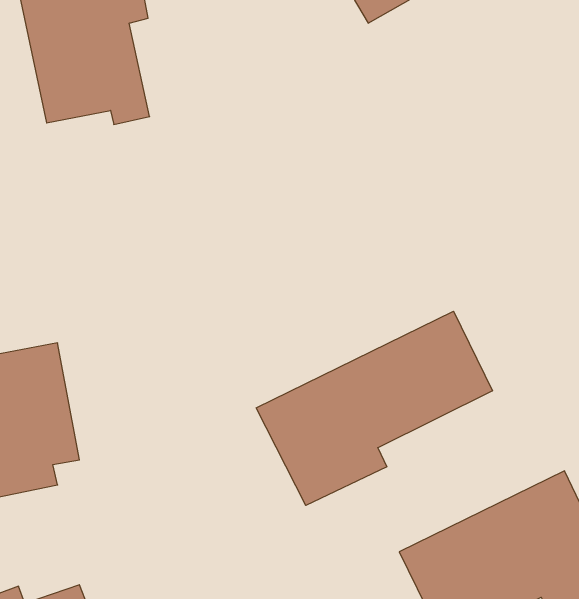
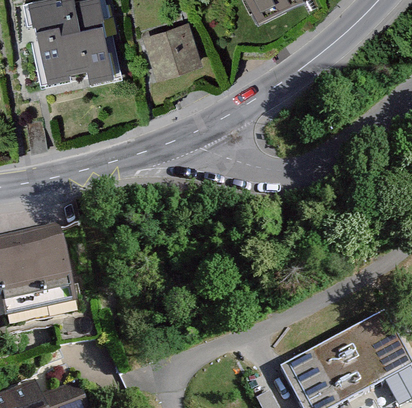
building: none -> [138,20,199,80]
building: [256,311,492,505] -> none

